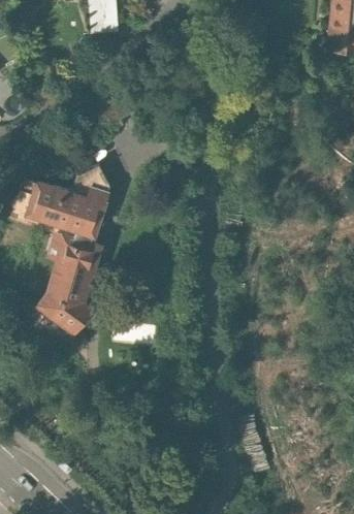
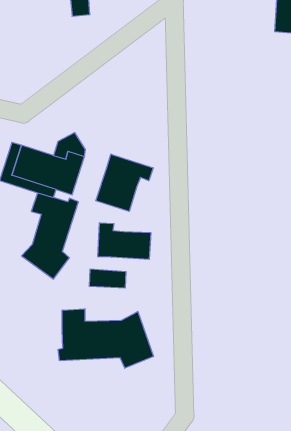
building: none -> [96,154,153,211]
building: none -> [98,223,151,259]
building: none -> [58,309,154,368]

